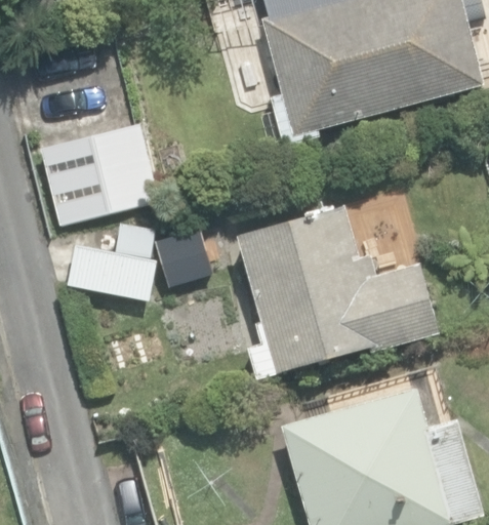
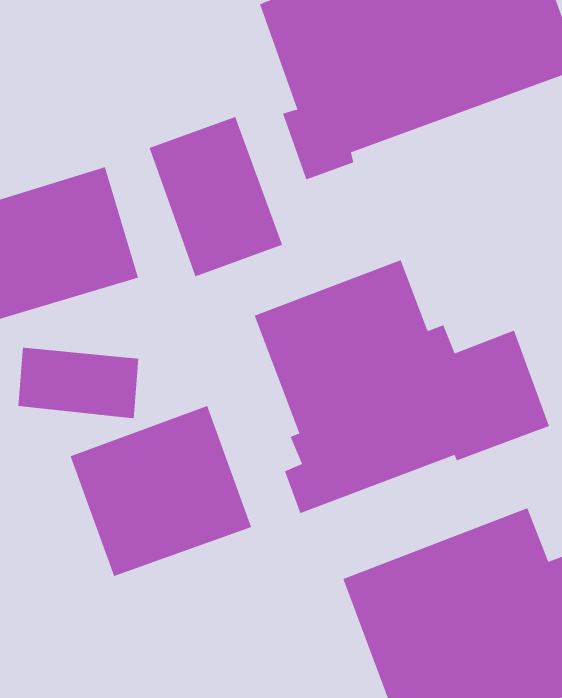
building: none -> [149,116,283,277]
building: none -> [70,405,252,577]

